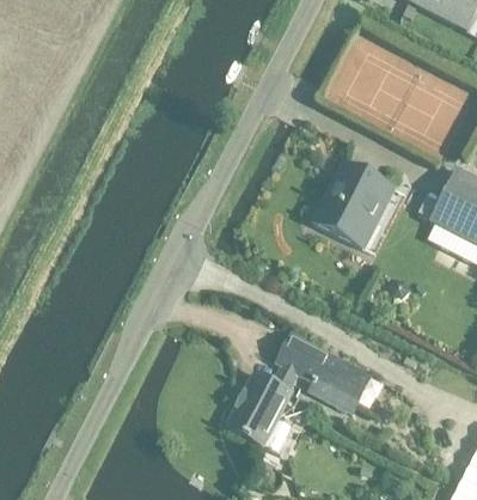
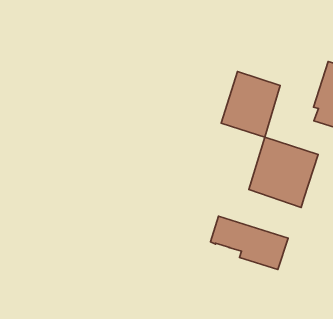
building: none -> [249,137,318,208]
building: [230,367,298,446] -> none

